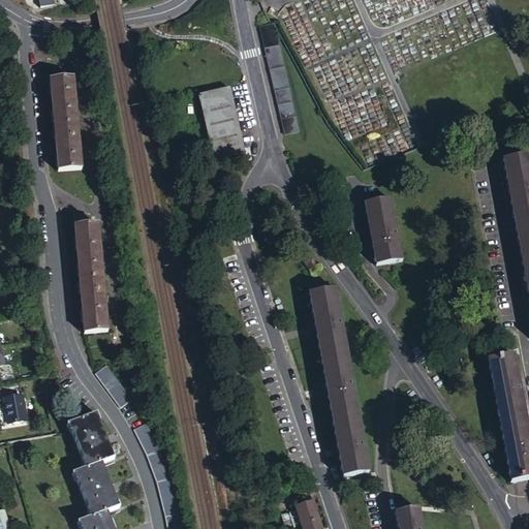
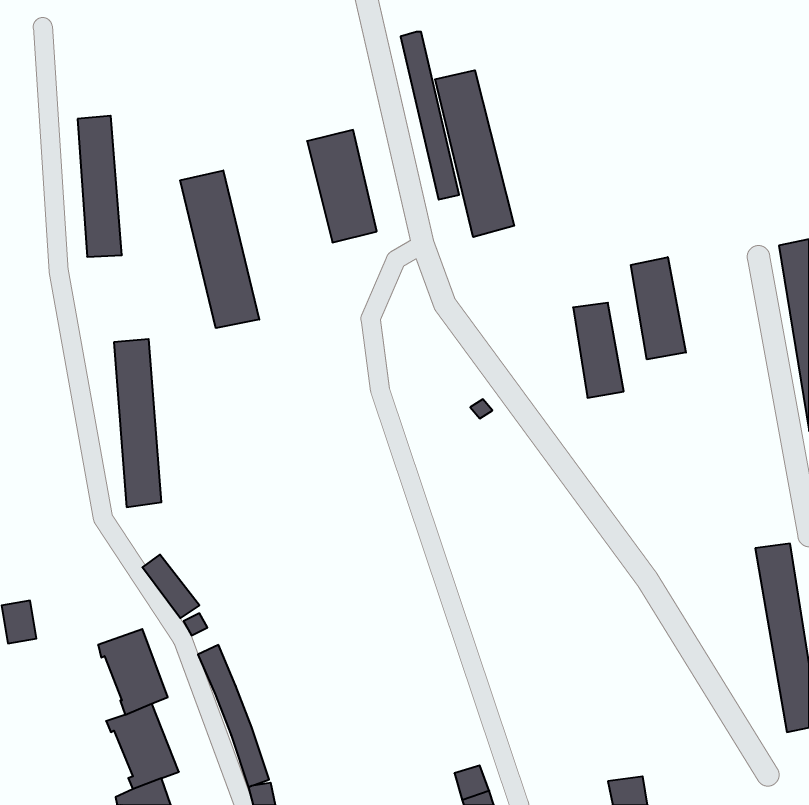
building: none -> [435,70,514,237]
building: none -> [180,170,259,328]
building: none -> [631,257,686,359]
building: [316,293,370,474] -> none

